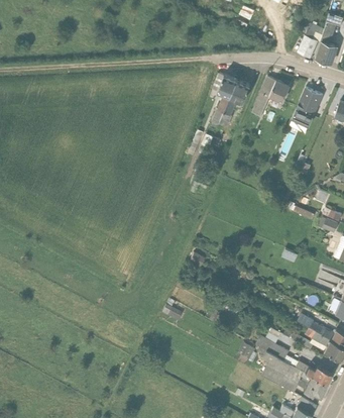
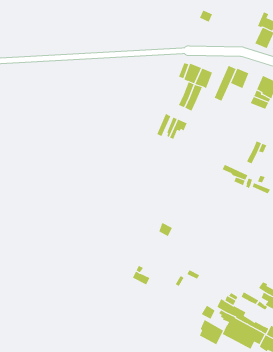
building: none -> [199,319,224,345]

